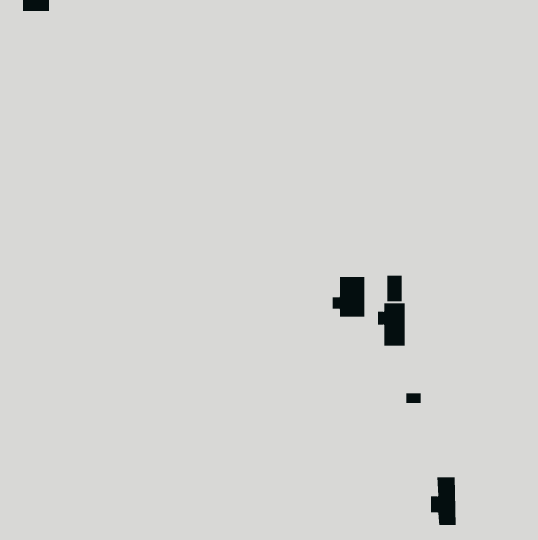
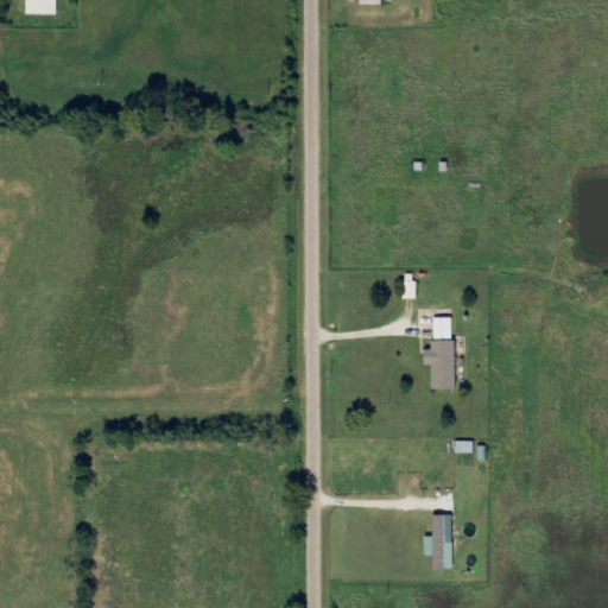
building: [332,276,365,318] -> none
building: [430,477,457,526] -> [423,514,452,569]

